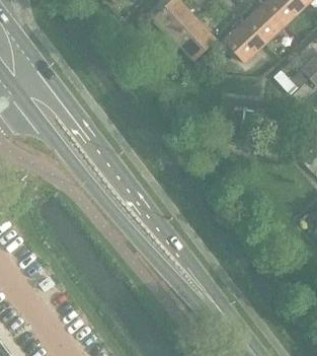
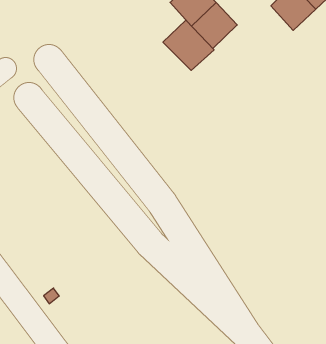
building: [224,20,265,62] -> none
building: none -> [163,20,214,70]

